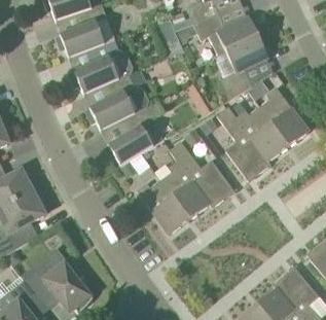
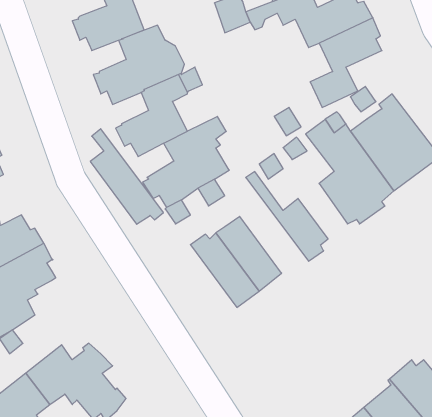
building: [168,145,218,211] -> [90,129,163,224]

